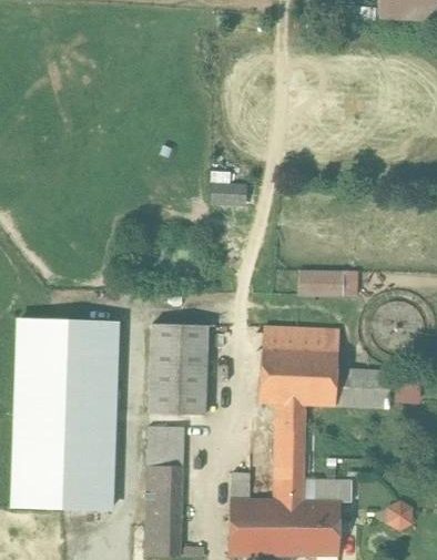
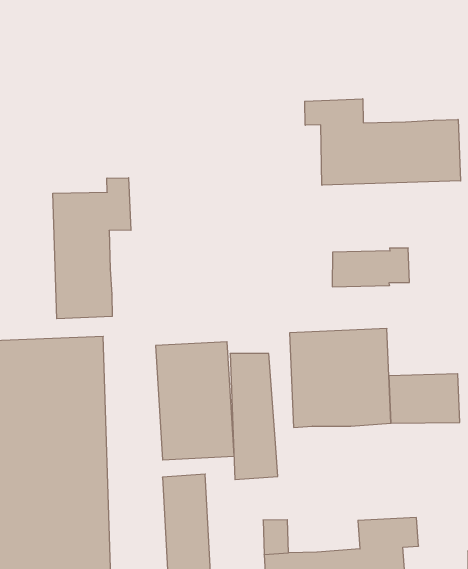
building: none -> [305,99,461,185]
building: [212,169,251,203] -> none
building: none -> [53,178,131,319]
building: [270,401,303,499] -> [230,354,278,480]

